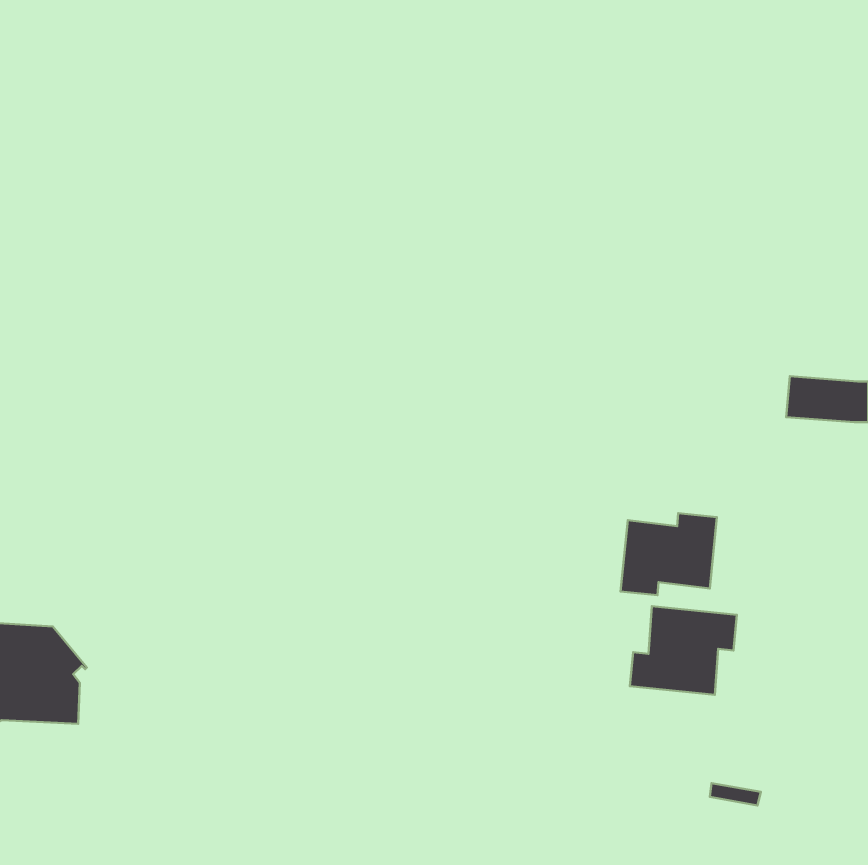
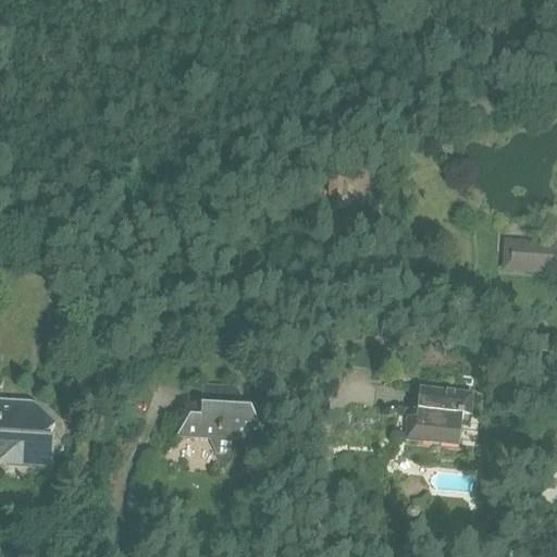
building: [621,513,717,595] -> none
building: none -> [176,384,259,453]

